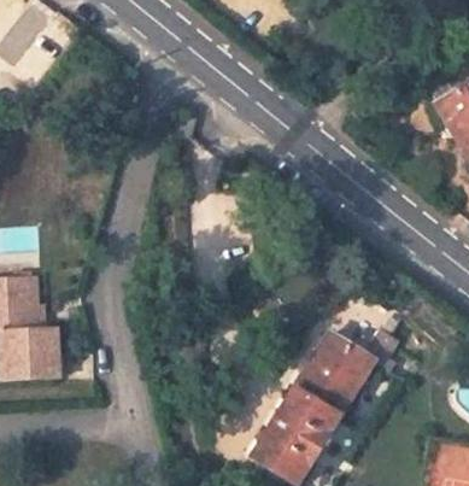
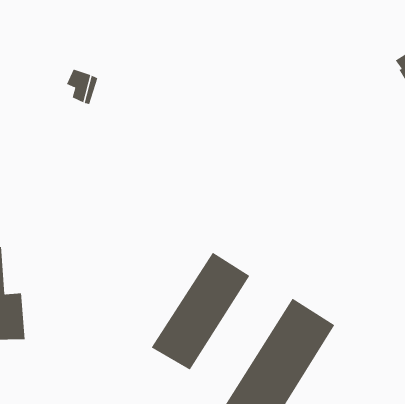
building: none -> [151,252,250,371]

